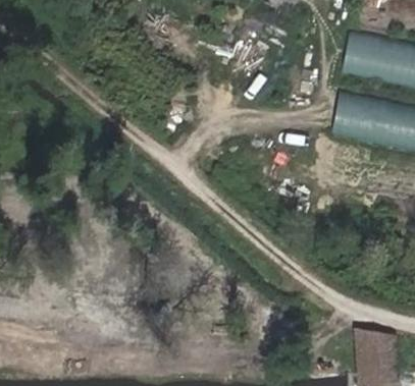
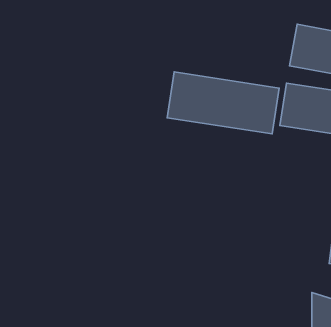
building: none -> [167,72,279,134]

